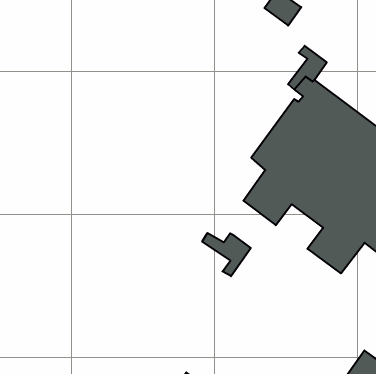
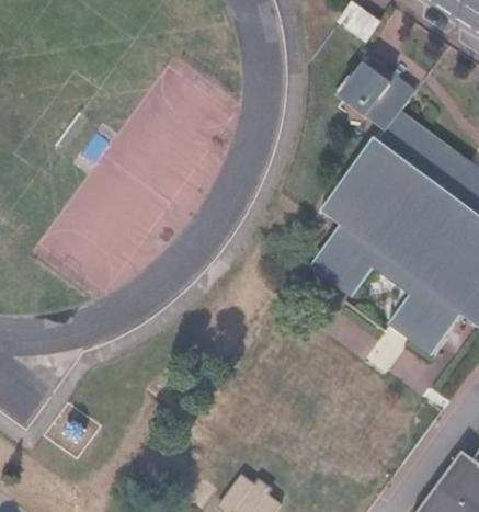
building: none -> [339,55,390,116]
building: [202,233,251,276] -> none

